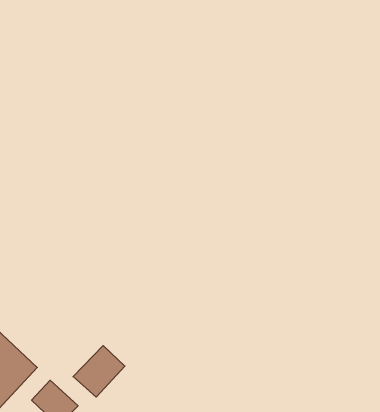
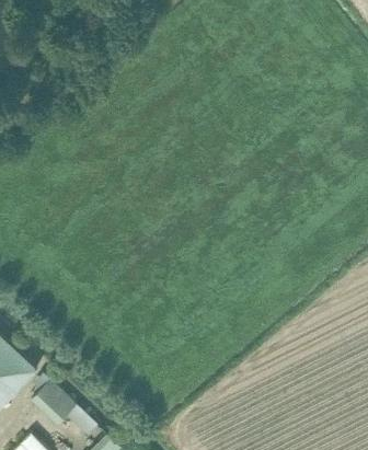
building: [73,346,125,397] -> none

